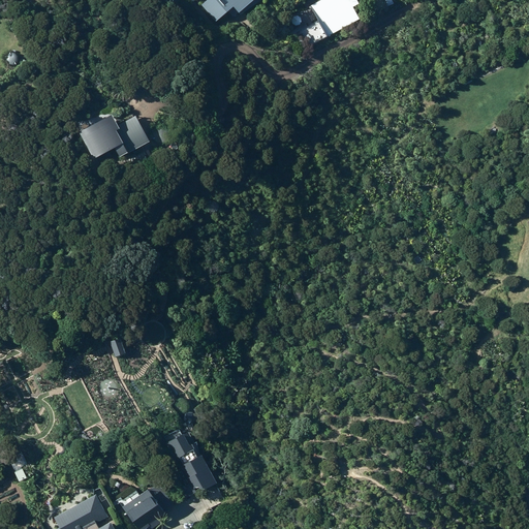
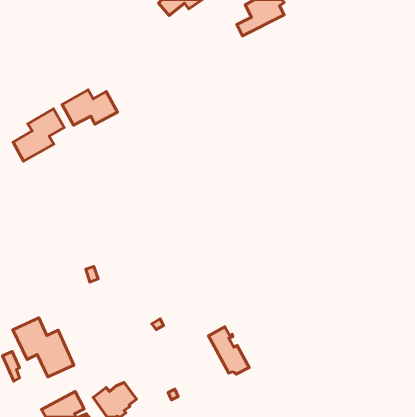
building: none -> [13,109,64,161]
building: none -> [13,318,74,377]
building: [166,432,218,492] -> [208,327,249,374]

